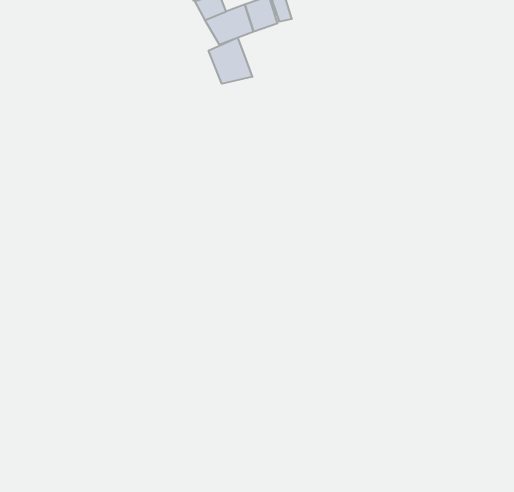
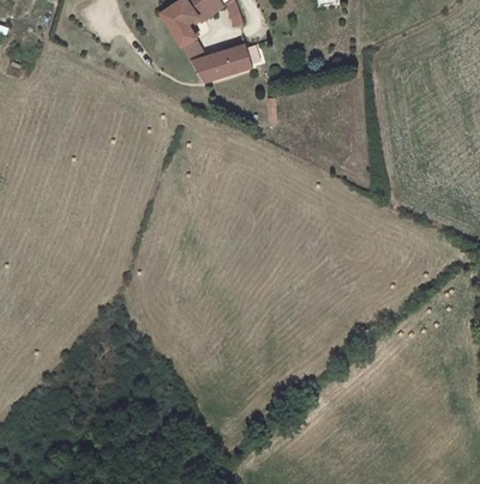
building: [209,38,252,84] -> none

